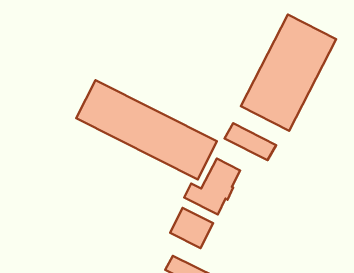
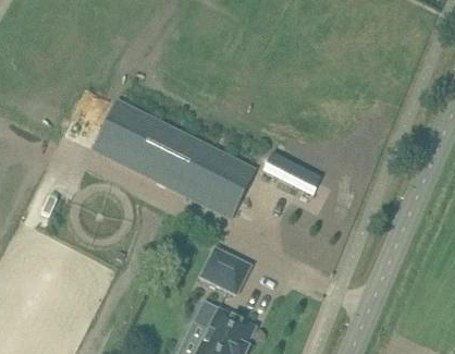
building: [241,14,336,131] -> none
building: [184,159,240,214] -> none

